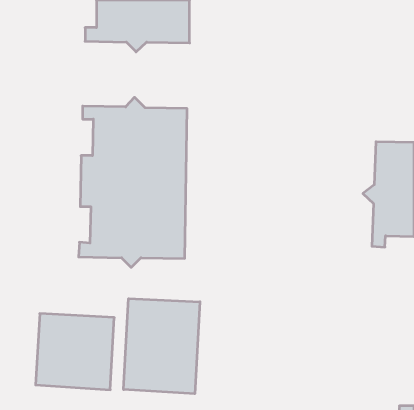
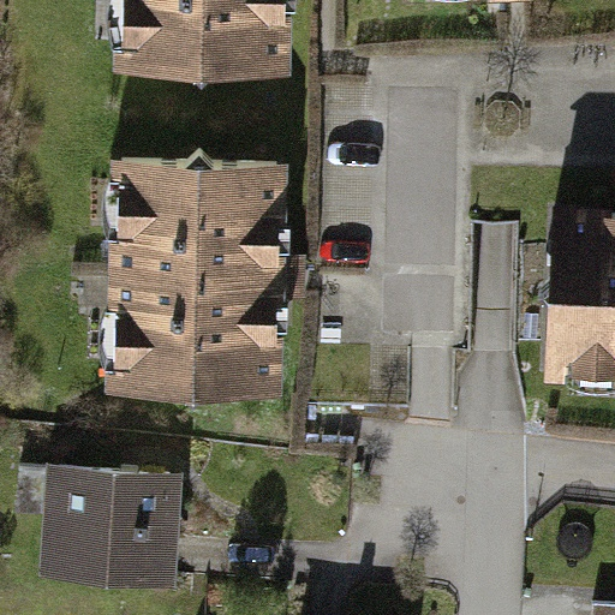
building: [124,299,200,394] -> none

